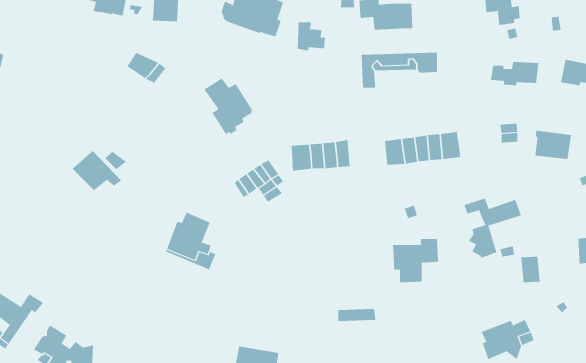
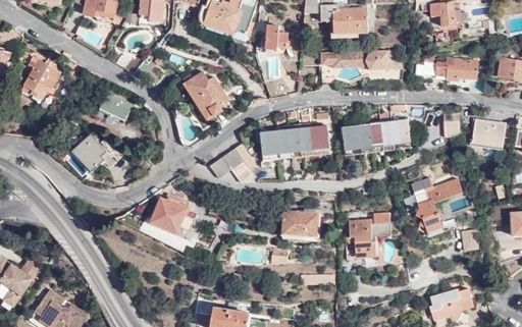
building: none -> [21,55,58,98]
building: none -> [96,97,129,123]
building: none -> [310,126,328,151]
building: none -> [282,212,318,236]

